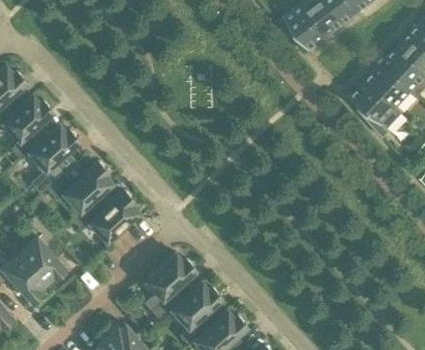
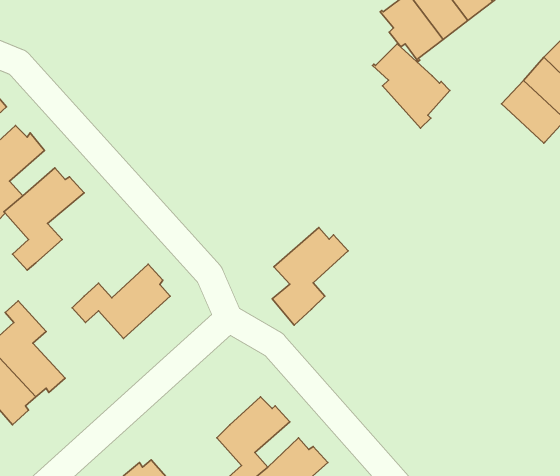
building: [350,80,403,138] -> [372,44,450,128]
building: [46,161,113,213] -> none
building: [144,254,196,321] -> [272,227,348,325]

